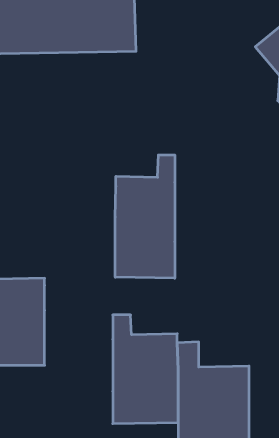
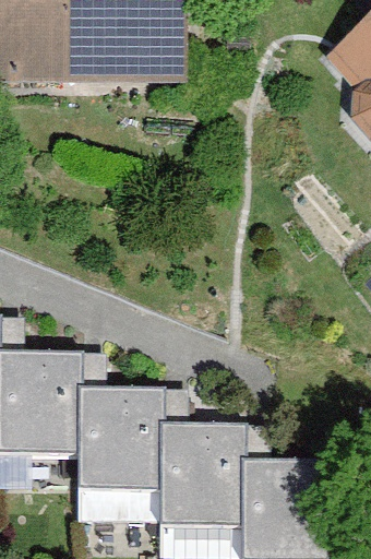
building: [115,155,175,278] -> none
building: none -> [68,356,151,485]

